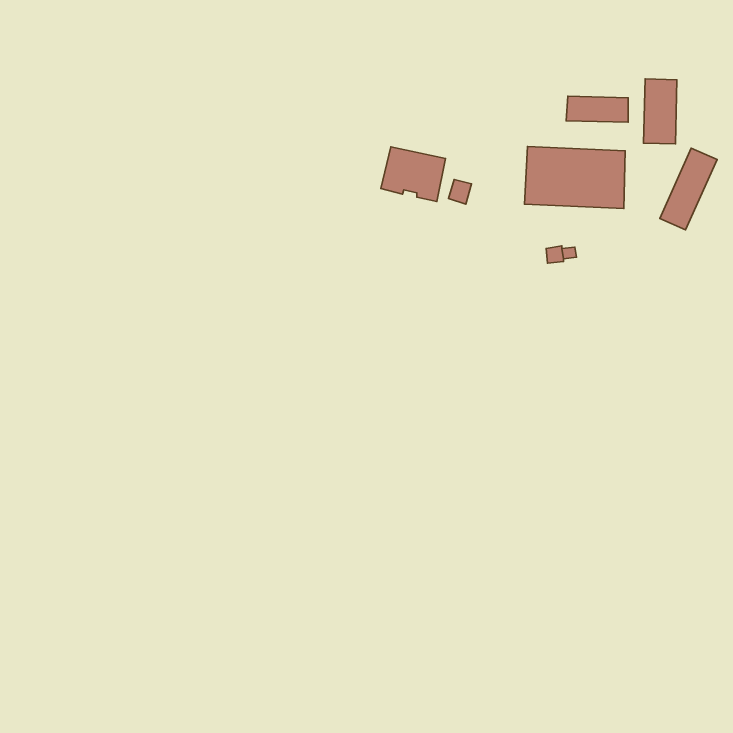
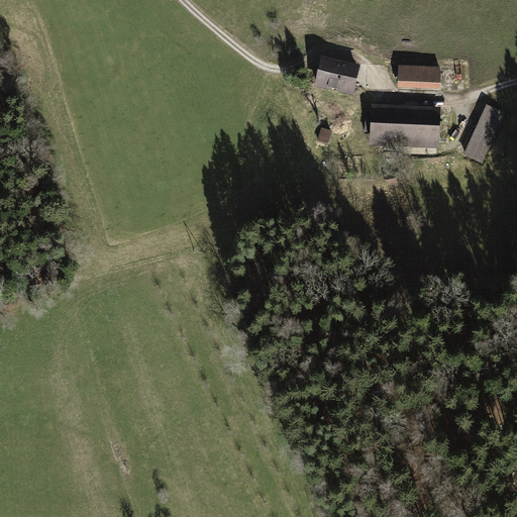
building: [644,79,677,144] -> none
building: [381,147,446,201] -> [312,56,357,94]

